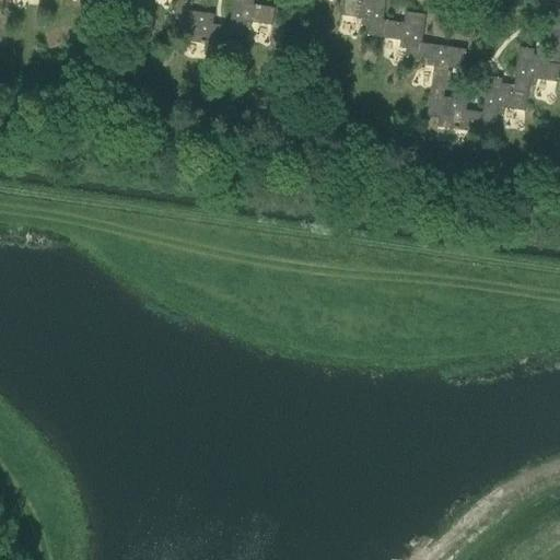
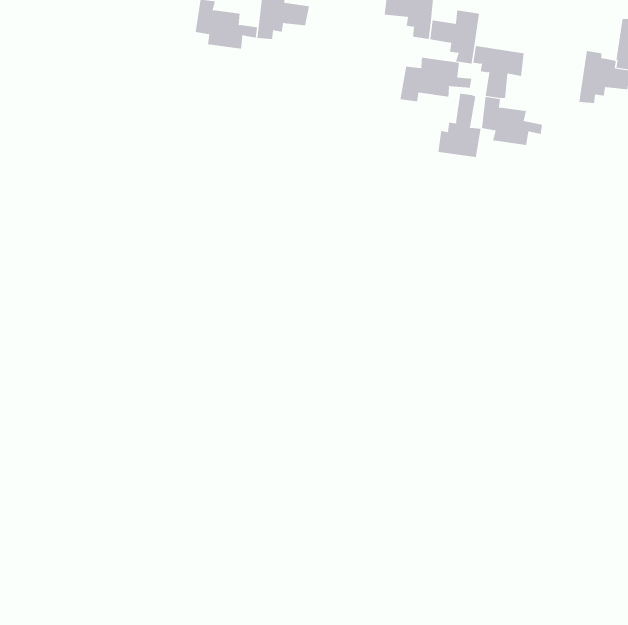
building: none -> [400,57,472,102]
building: [482,74,529,121] -> none
building: none -> [438,93,481,158]

